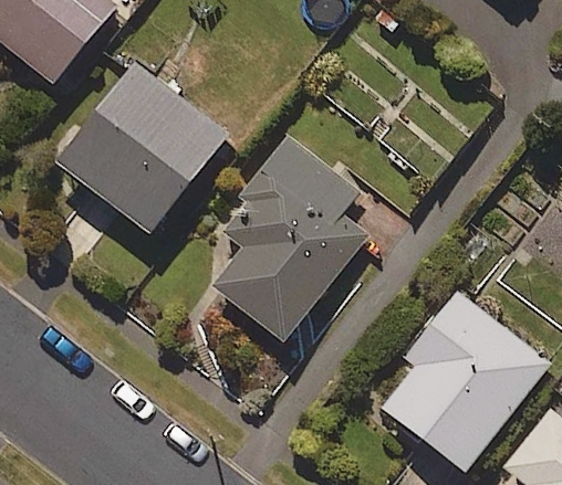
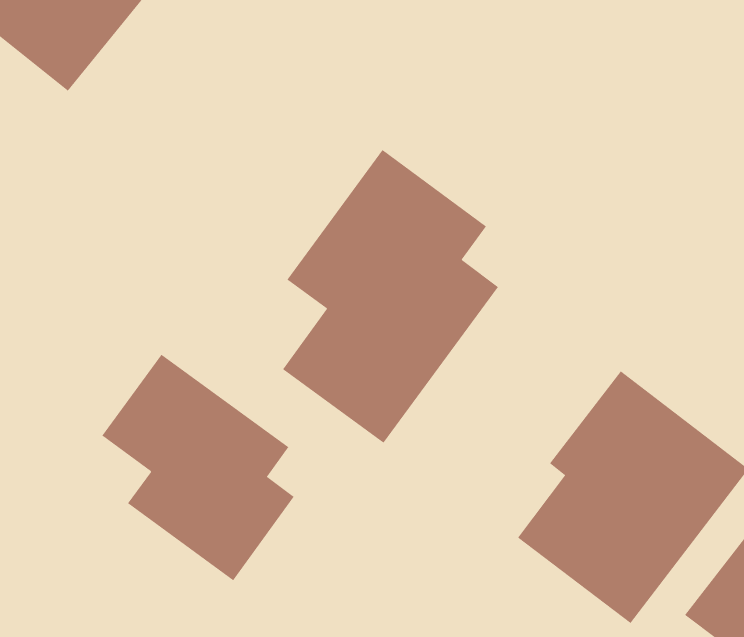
building: [54,57,230,236] -> none
building: none -> [102,354,295,581]

